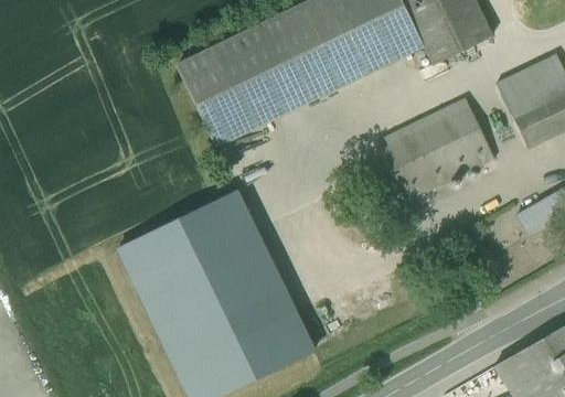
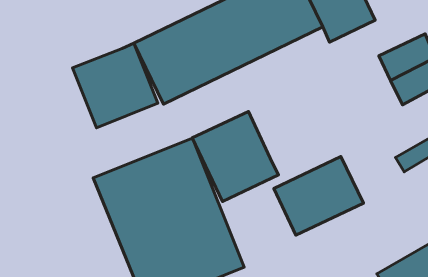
building: none -> [73,43,158,128]
building: [377,97,494,200] -> [274,156,364,235]
building: none -> [192,111,279,201]

